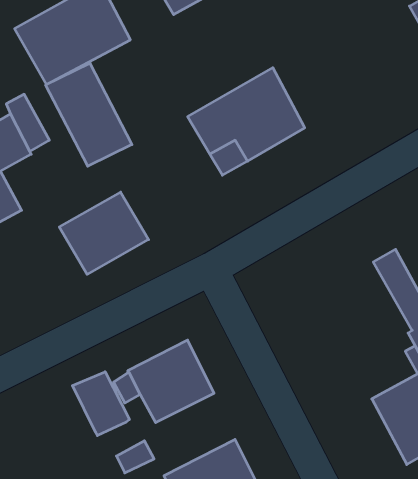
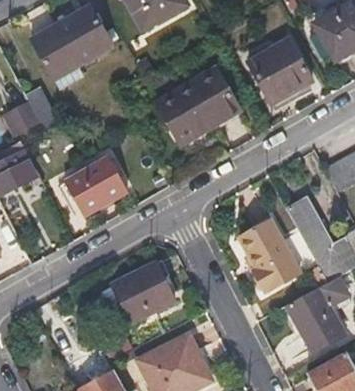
building: none -> [248,39,310,103]
building: [46,63,132,166] -> none
building: none -> [239,220,300,291]
building: [72,372,129,436] -> none

